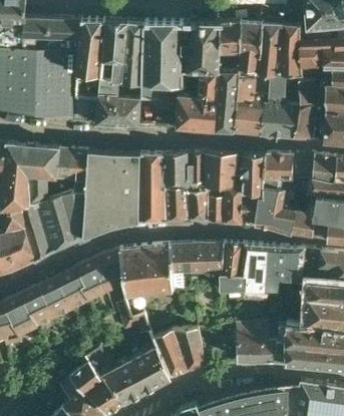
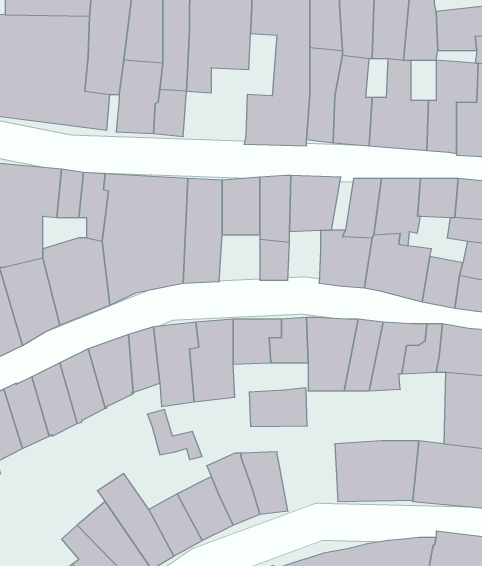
building: [207,186,228,221] -> none
building: [162,189,189,220] -> none
building: none -> [250,388,307,427]

